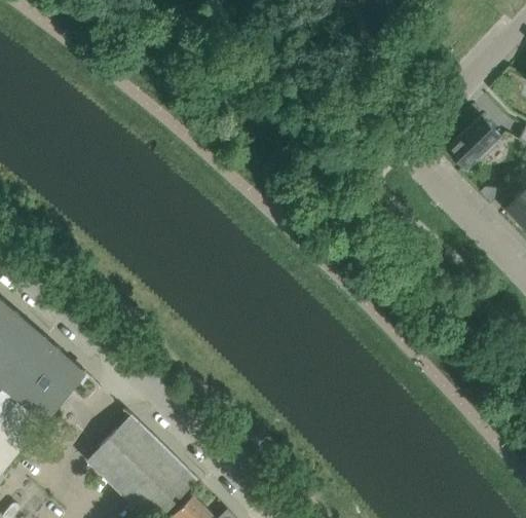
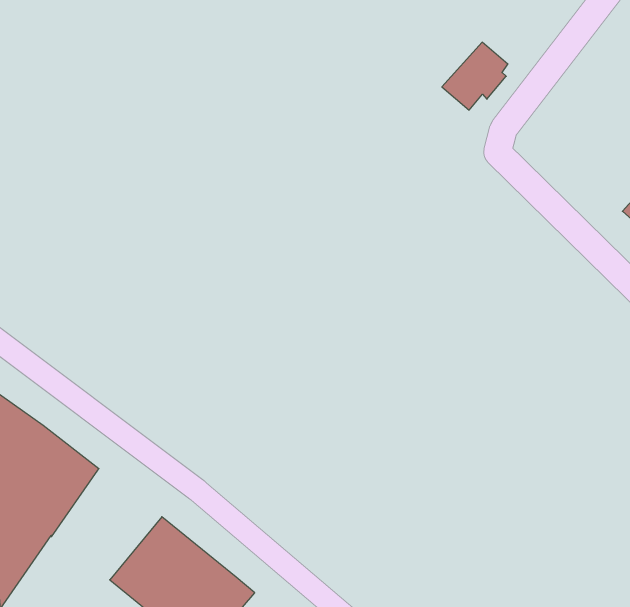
building: [447,118,499,170] -> [442,42,508,110]

